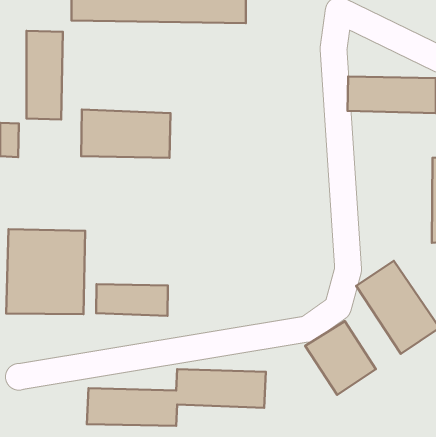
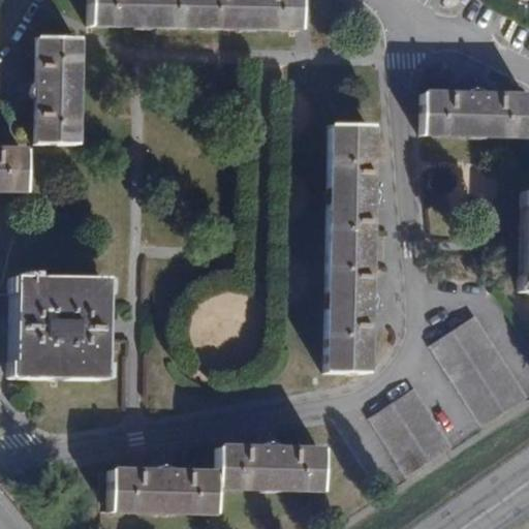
building: none -> [326,124,372,372]
building: [81,109,170,158] -> none
building: [96,284,168,316] -> none

